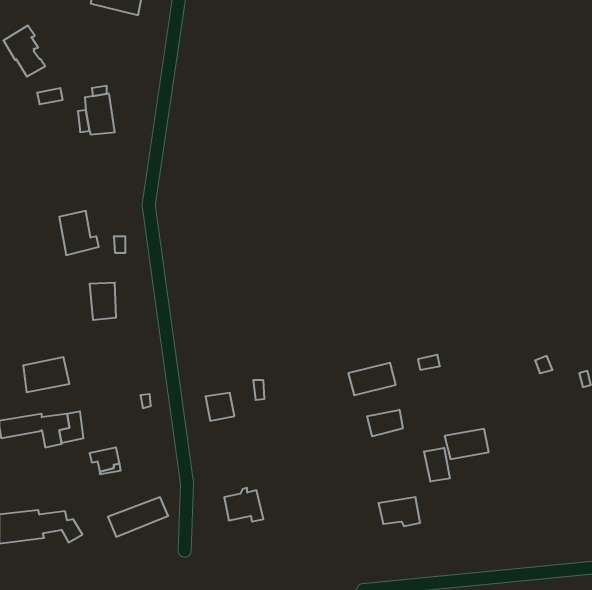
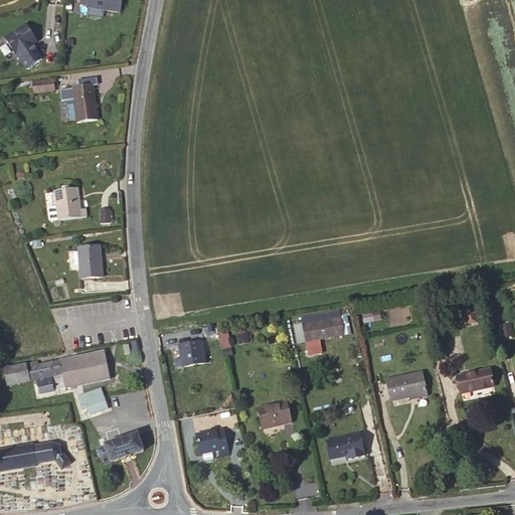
building: [23,357,69,392] -> [69,350,110,380]
building: [367,410,403,436] -> none
building: none -> [456,367,492,390]
building: [424,448,450,482] -> none
building: none -> [259,403,291,430]

